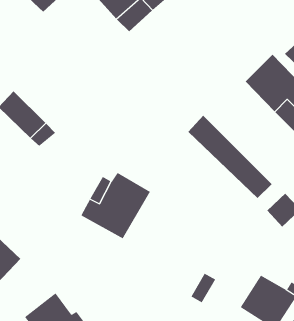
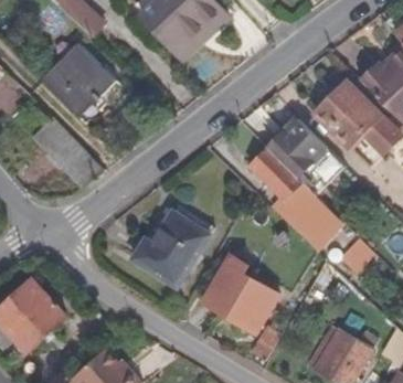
building: none -> [46,47,127,129]
building: none -> [267,118,340,193]
building: none -> [203,264,278,334]

